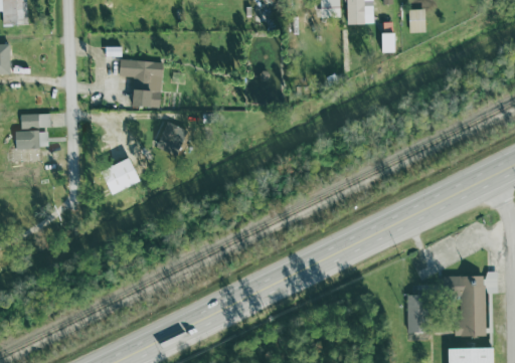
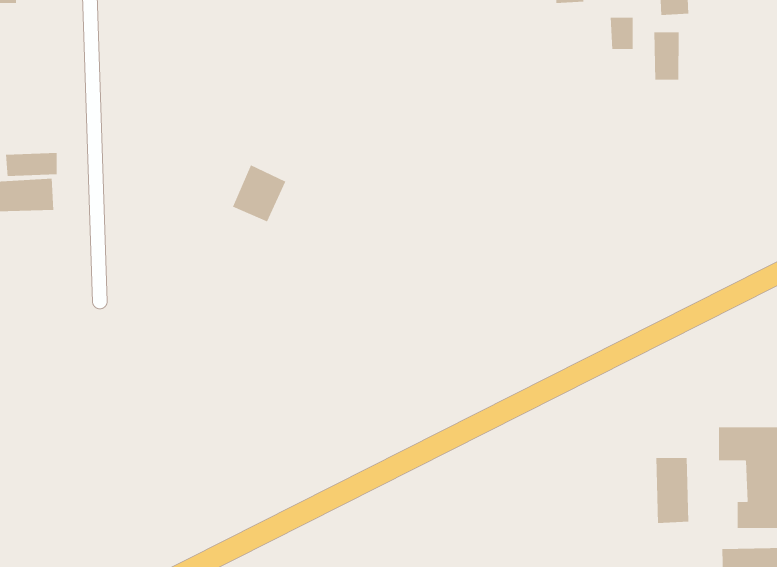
building: none -> [654,32,679,80]
building: [120,59,163,107] -> none
building: [99,158,139,195] -> none

